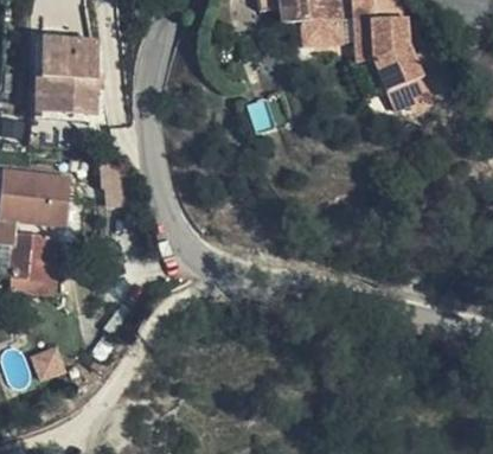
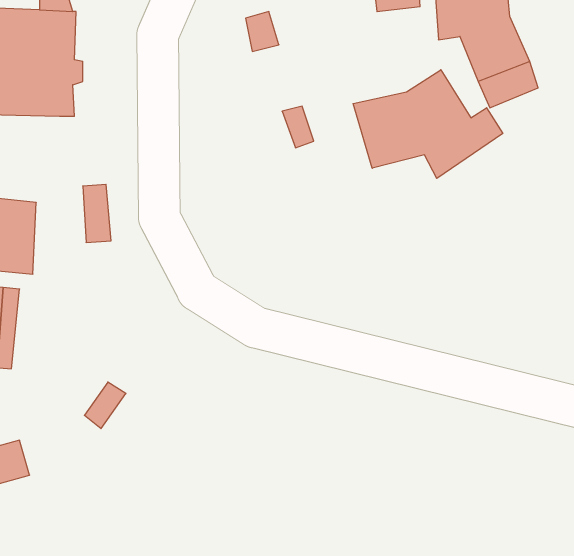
building: none -> [353,70,503,178]

